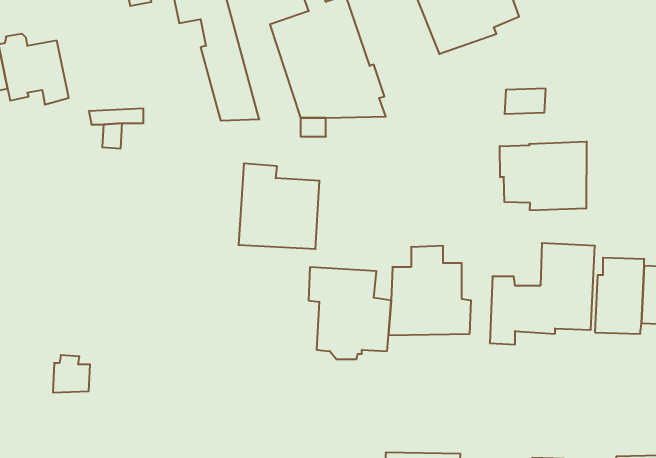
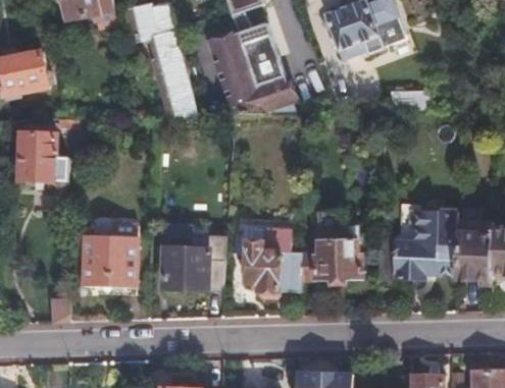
building: none -> [19,127,68,184]
building: [500,141,587,210] -> none
building: [238,164,320,249] -> [162,225,224,290]
building: none -> [84,225,138,291]

